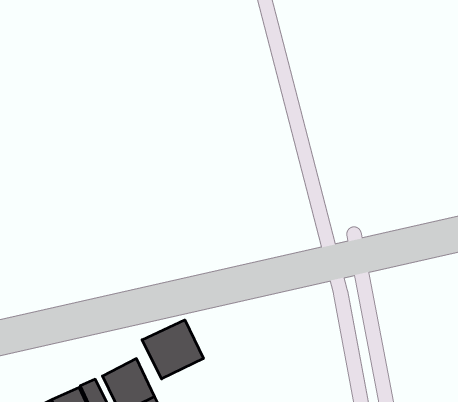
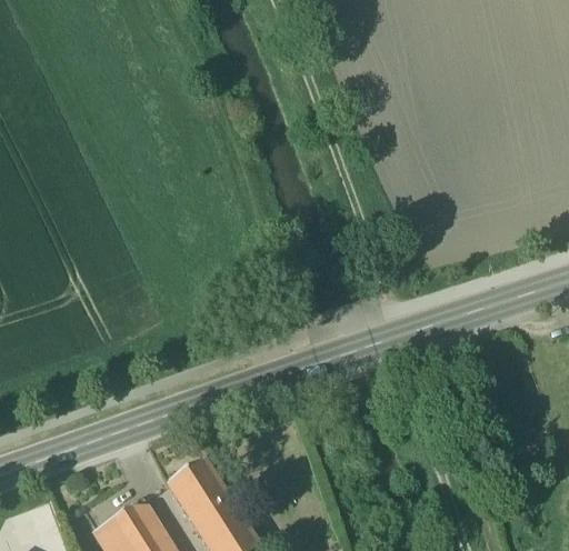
building: [142,320,203,379] -> none

